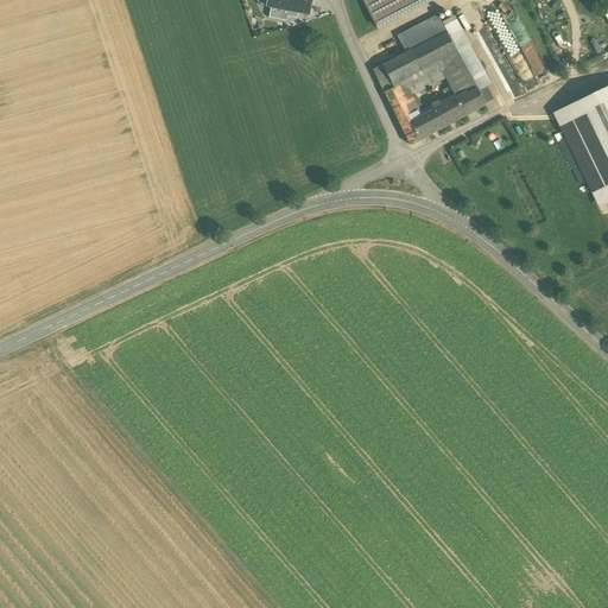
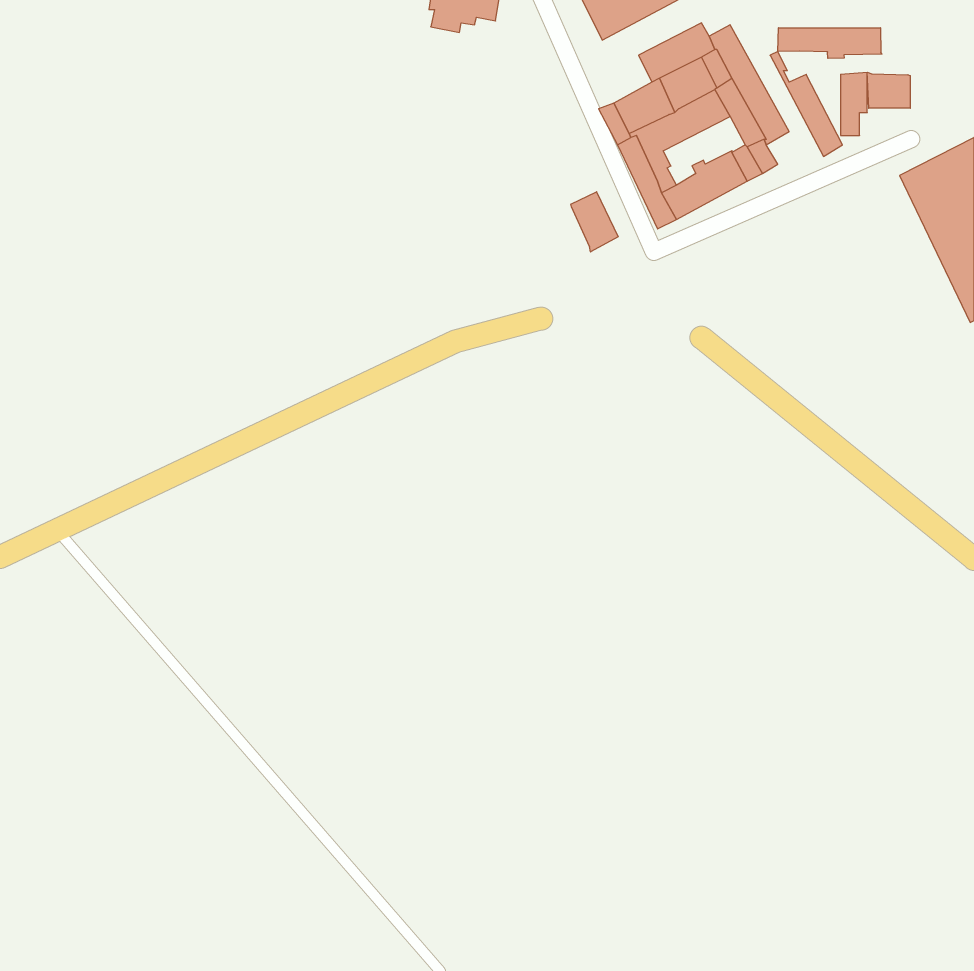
building: none -> [778,28,882,58]
building: none -> [867,72,910,108]
building: none -> [571,192,618,252]

